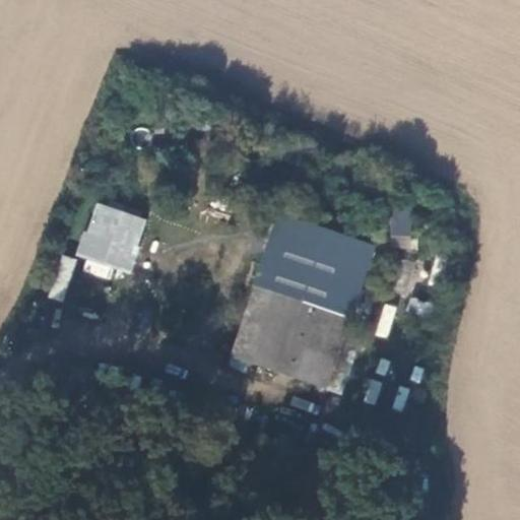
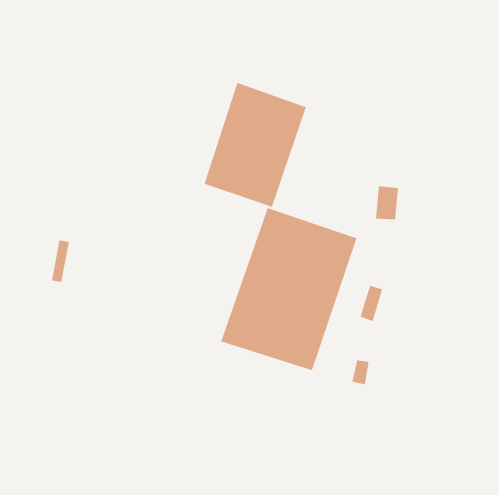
building: none -> [203,82,307,208]
building: [87,206,137,268] -> none

